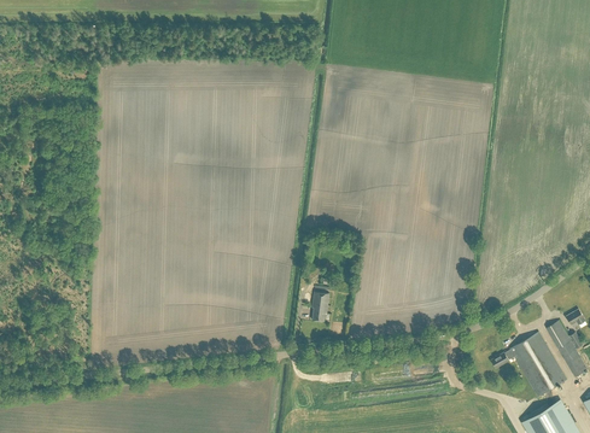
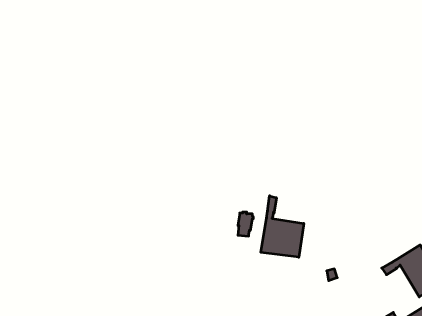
building: none -> [261,196,304,257]

